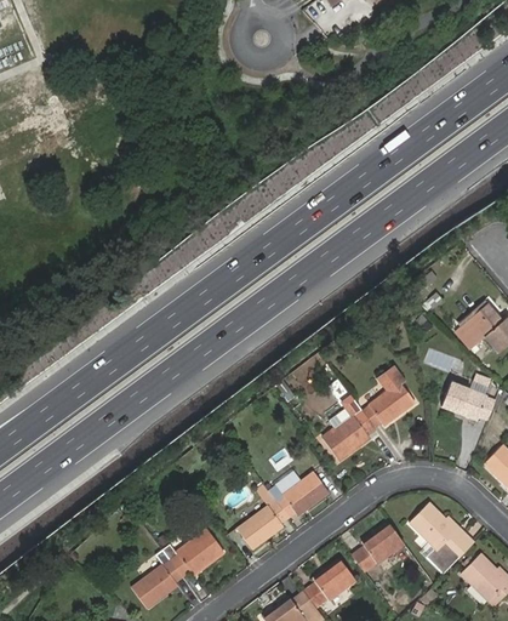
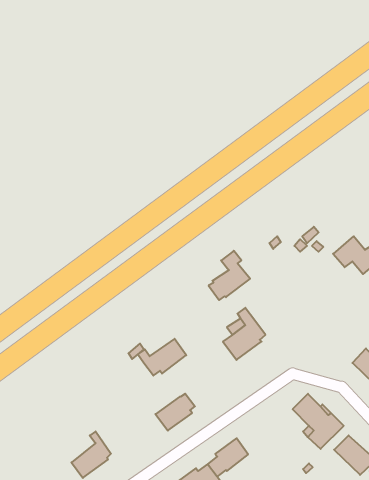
building: [363,366,415,428] -> [209,251,250,300]
building: [443,382,500,421] -> none
building: [268,472,329,518] -> [138,339,186,376]
building: [352,522,405,571] -> none
building: [162,530,224,577] -> none

